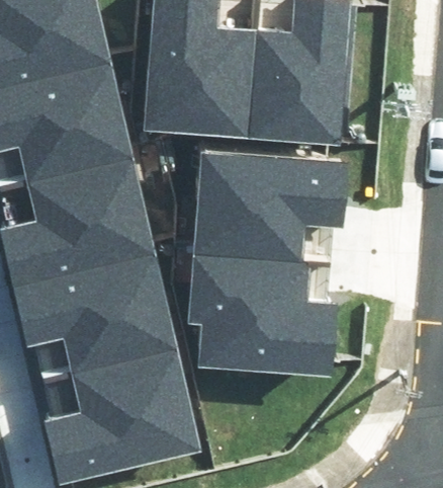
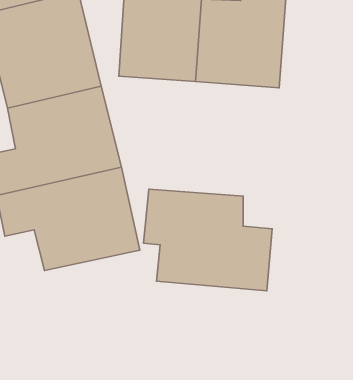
building: [185,158,340,268] -> none
building: [42,330,197,465] -> none

